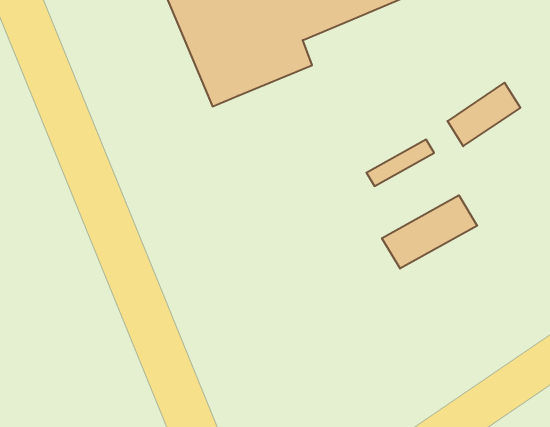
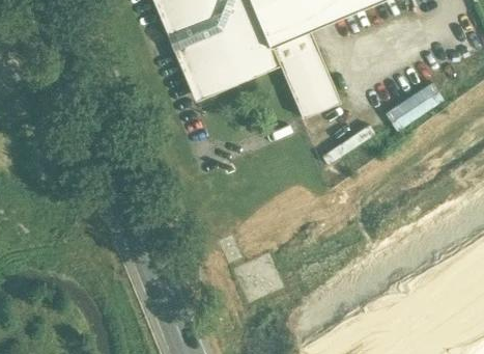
building: none -> [271,31,338,118]
building: [382,195,477,269] -> none

